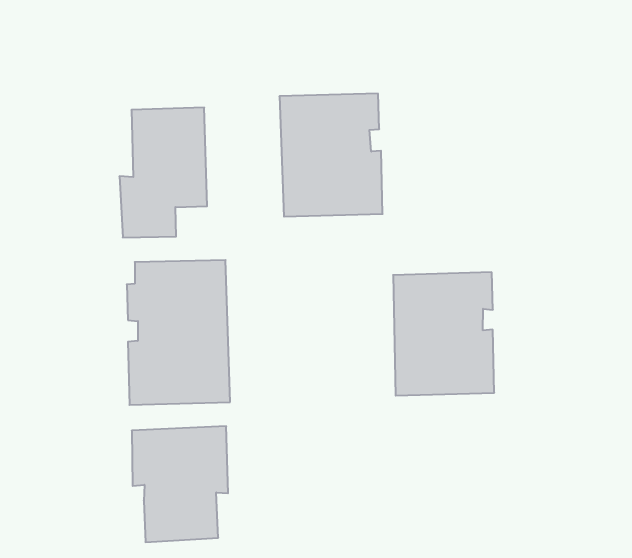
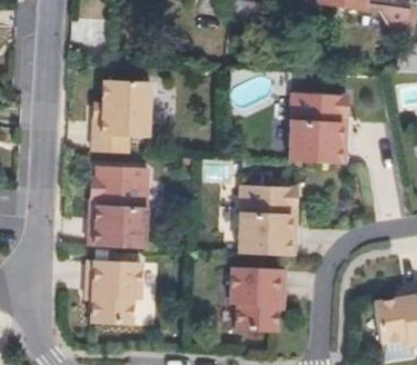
building: [279,94,383,217] -> [289,93,348,165]
building: none -> [229,267,285,333]

